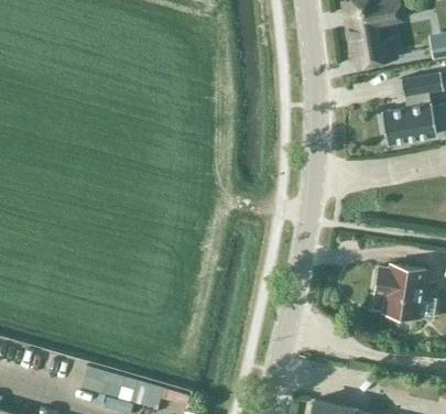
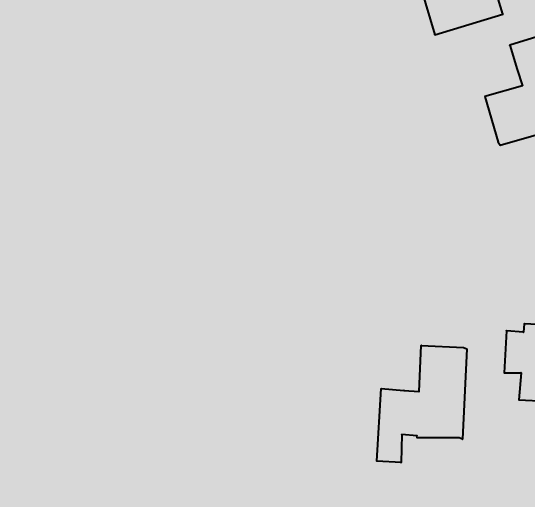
building: none -> [377,345,467,463]

